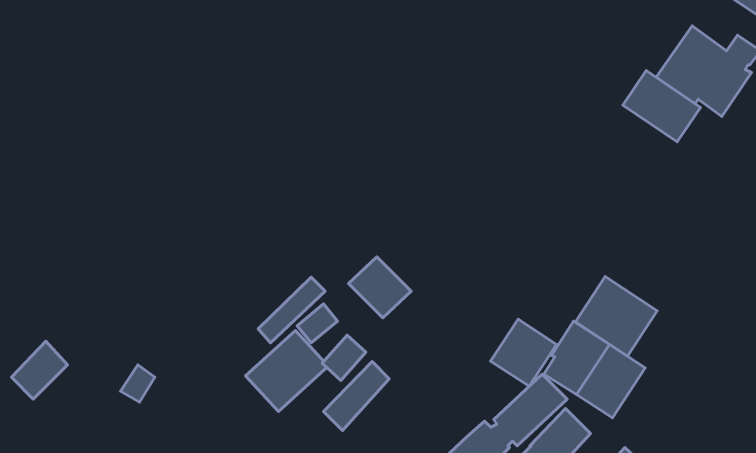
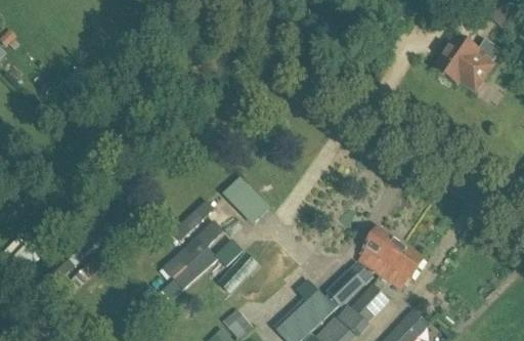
building: [623,71,701,142] -> none
building: [575,277,657,356] -> none
building: [491,319,557,386] -> none

